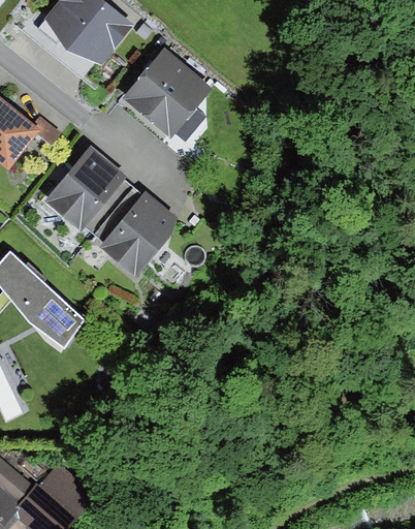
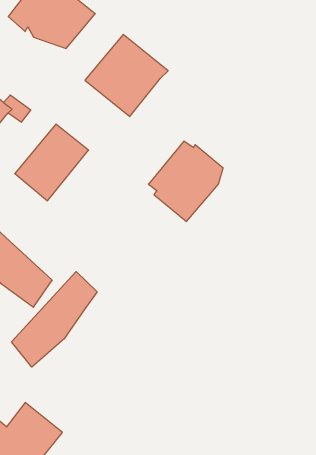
building: [94,187,177,276] -> [148,141,223,221]
building: none -> [12,272,97,367]

